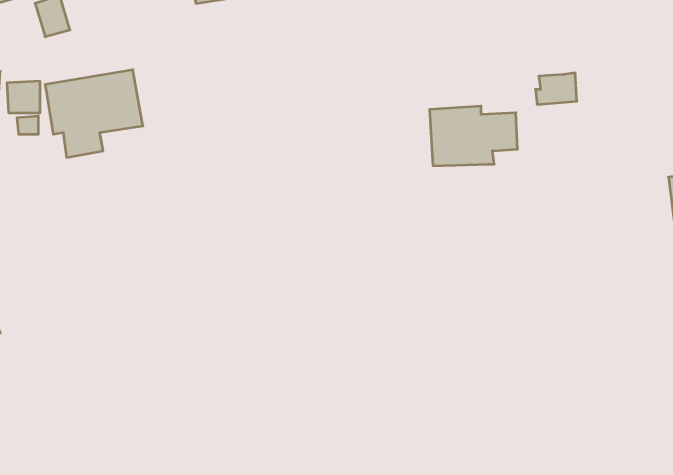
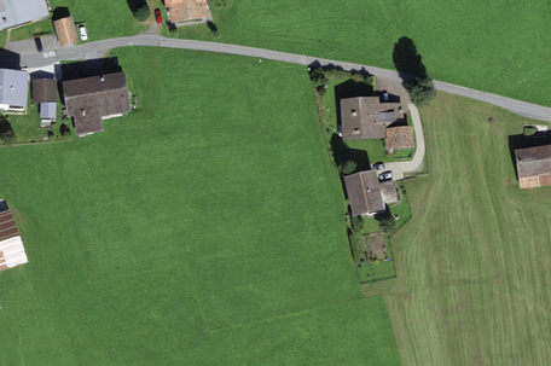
building: [535,73,577,104] -> [383,126,413,149]
building: none -> [342,167,396,215]

